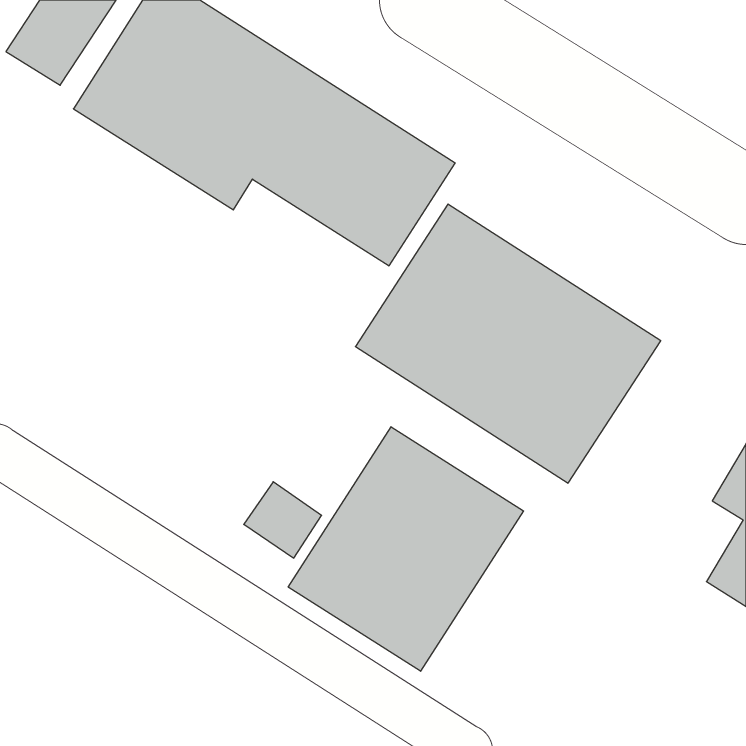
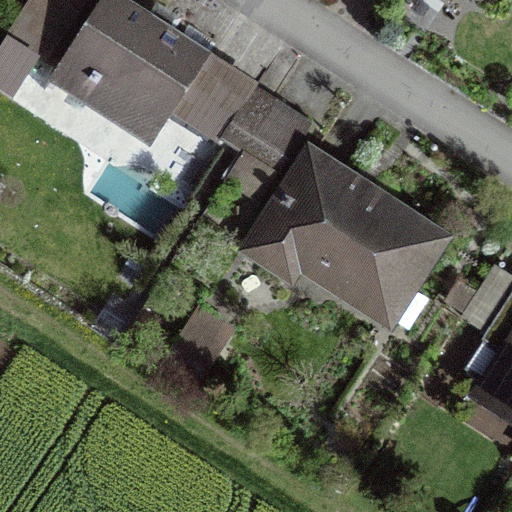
building: [288,427,524,671] -> none

